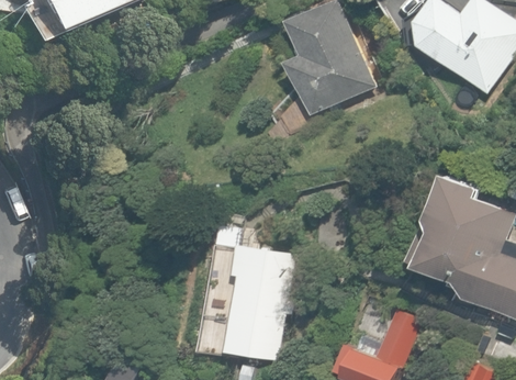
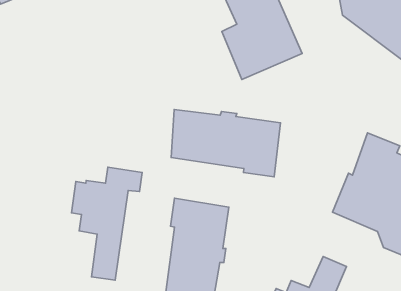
building: none -> [171,110,280,177]
building: none -> [72,167,142,280]

